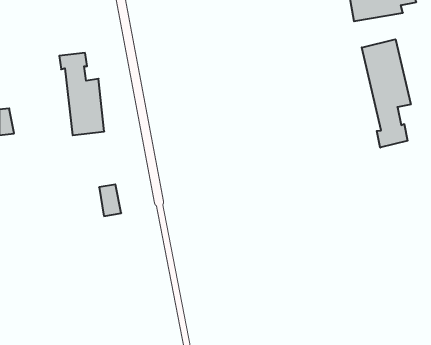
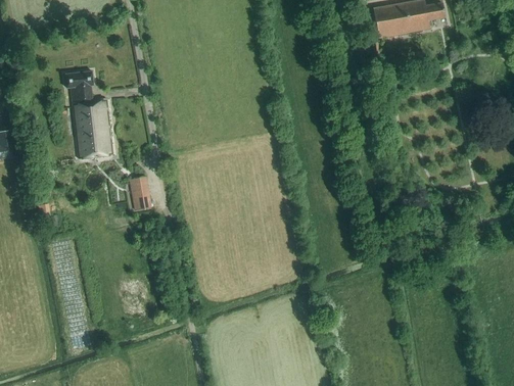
building: [362,39,411,148] -> none
building: [99,184,121,216] -> [129,176,152,209]

